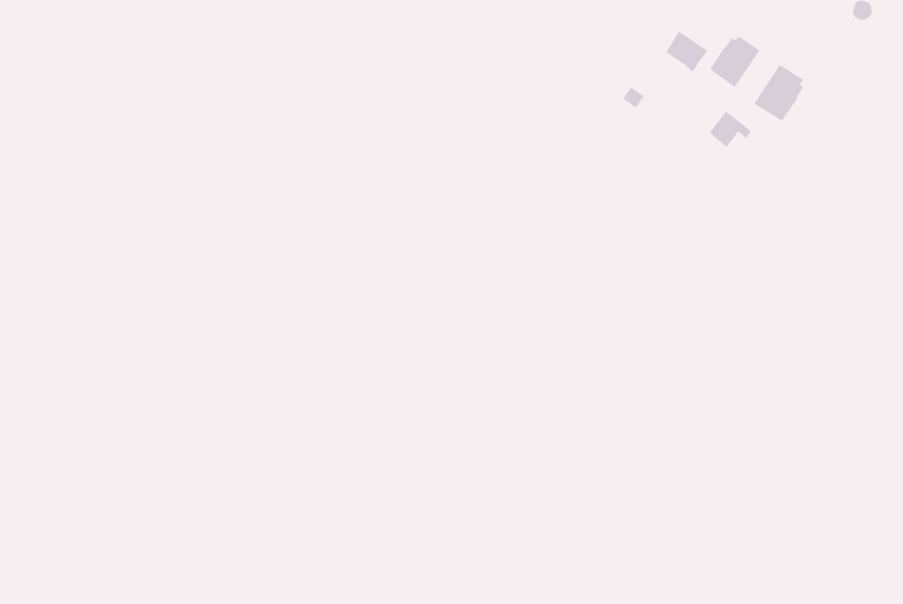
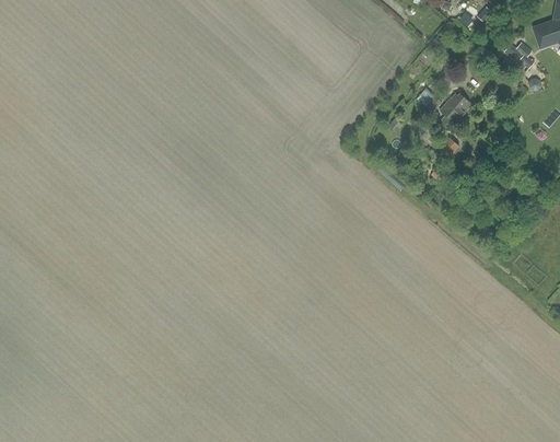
building: [753,64,804,121] -> none

